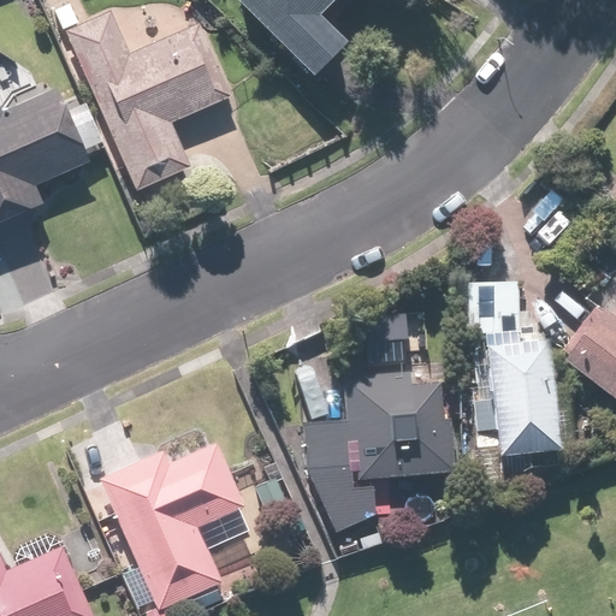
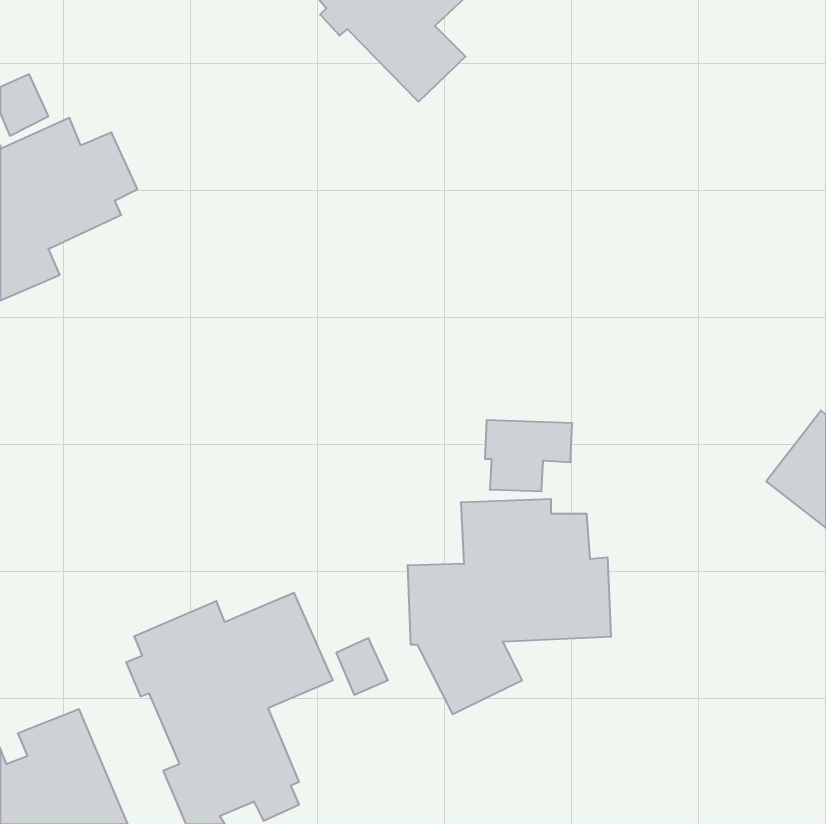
building: [54,5,232,194] -> none
building: [460,280,558,456] -> none

